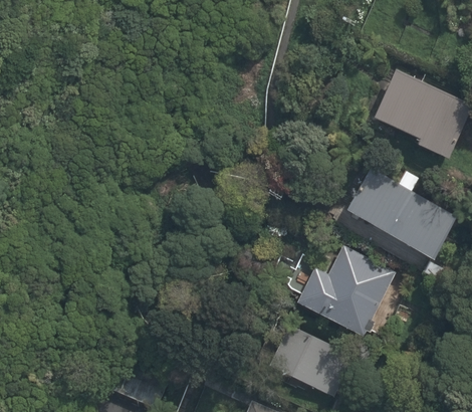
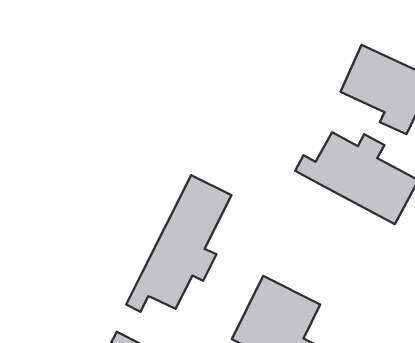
building: none -> [126,175,231,312]
building: [290,247,398,338] -> none

